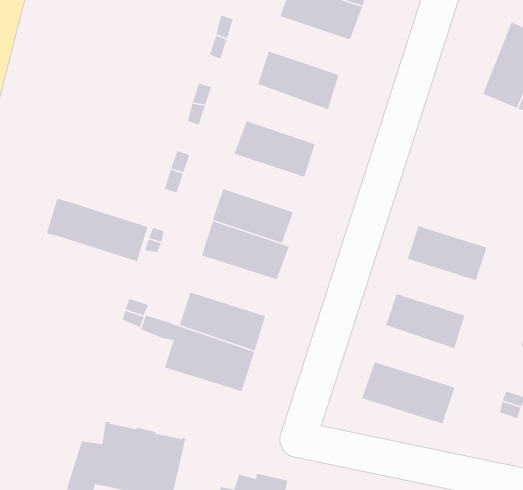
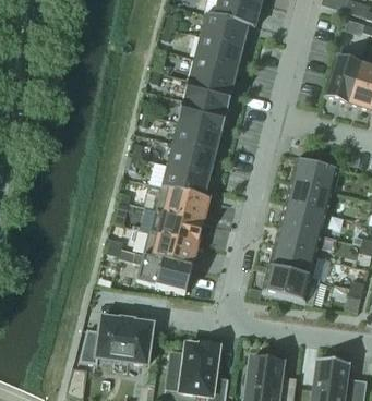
building: none -> [188,54,239,88]
building: none -> [177,98,228,133]
building: none -> [165,143,216,177]
building: none -> [289,157,339,191]
building: [46,198,149,262] -> [139,206,203,243]
building: none -> [278,202,328,234]
building: none -> [267,244,320,280]

